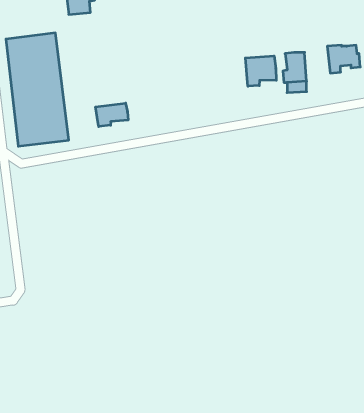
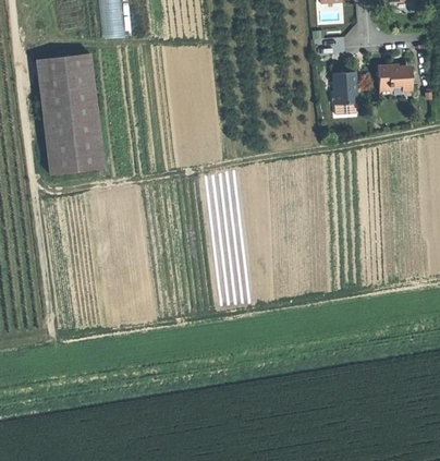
building: [245,56,276,86] -> none
building: [96,103,128,127] -> none

